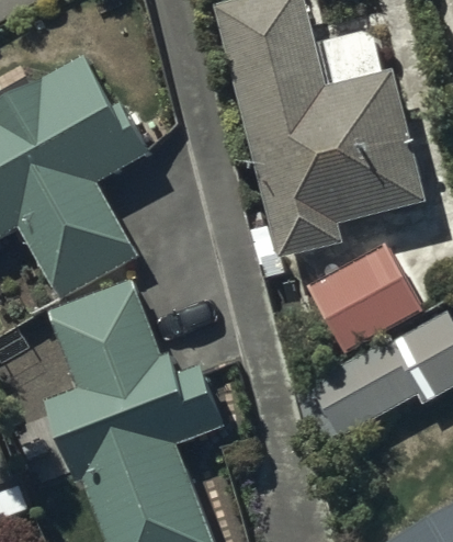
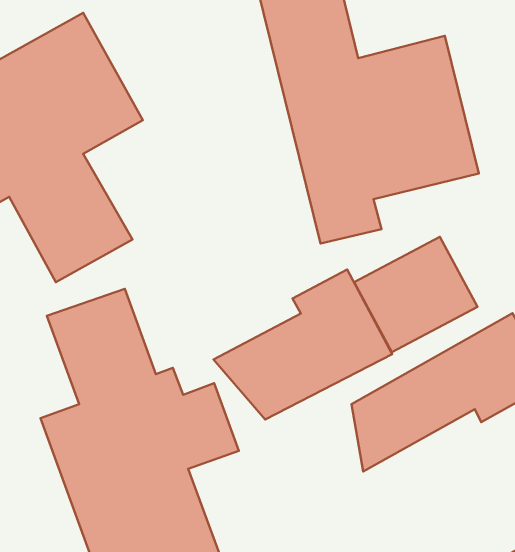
building: none -> [214,269,392,420]

